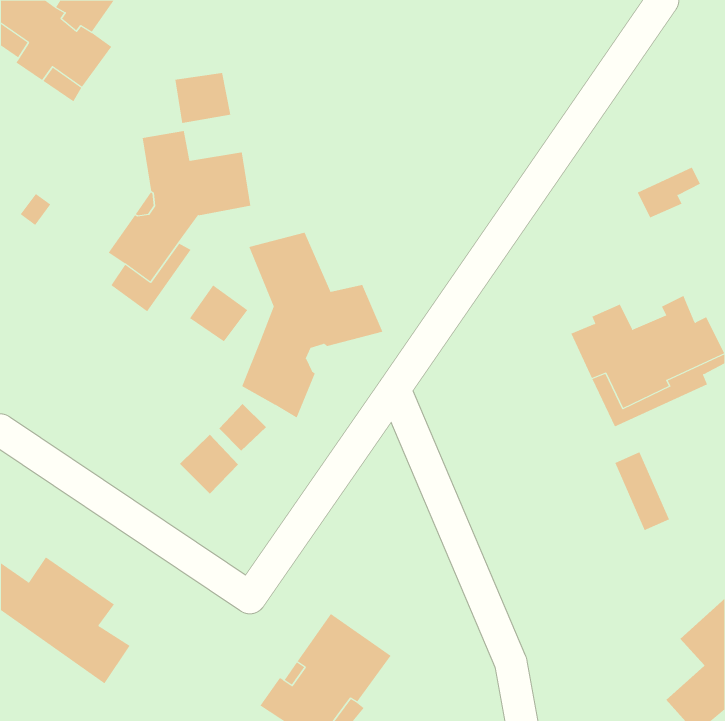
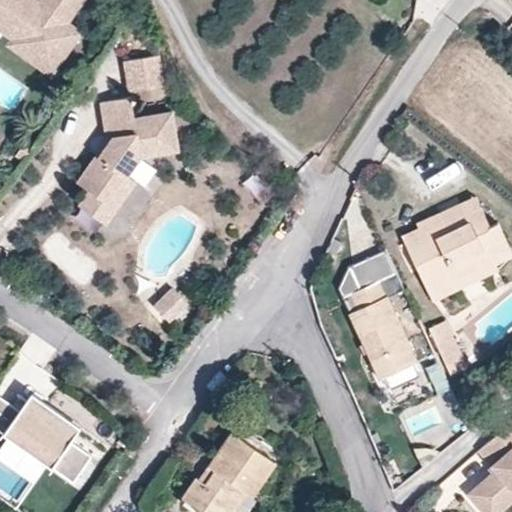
building: [637,167,701,218] -> [437,199,482,235]
building: [241,232,383,418] -> none
building: [189,284,248,342] -> none
building: none -> [339,252,417,388]
building: [179,434,239,495] -> none

